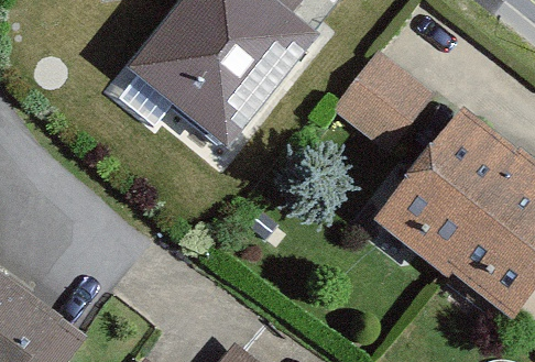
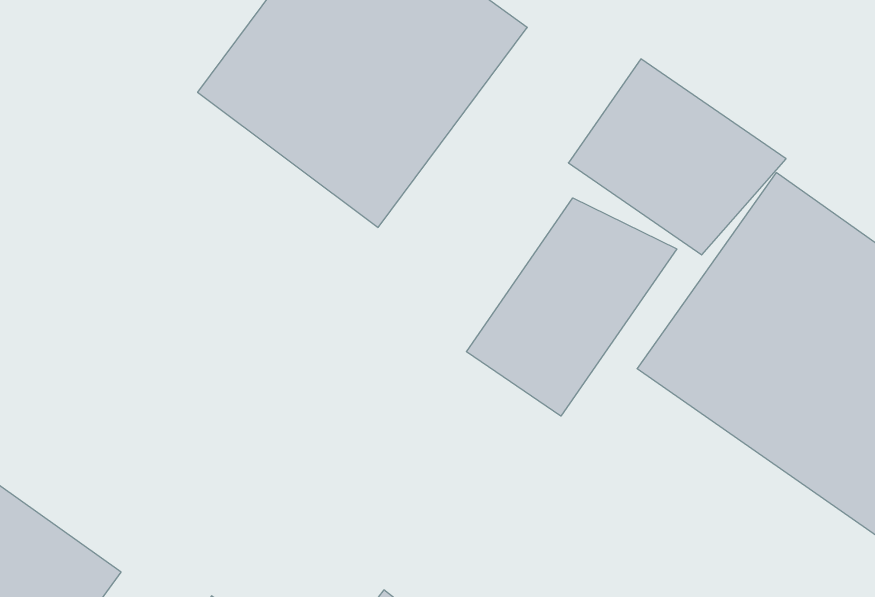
building: none -> [466,198,677,416]

